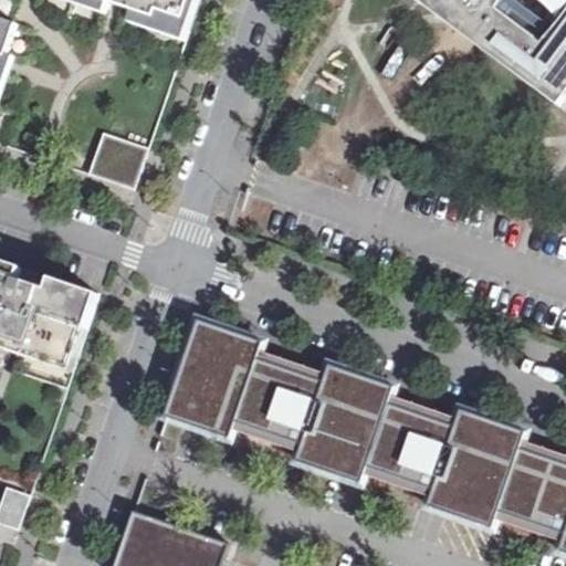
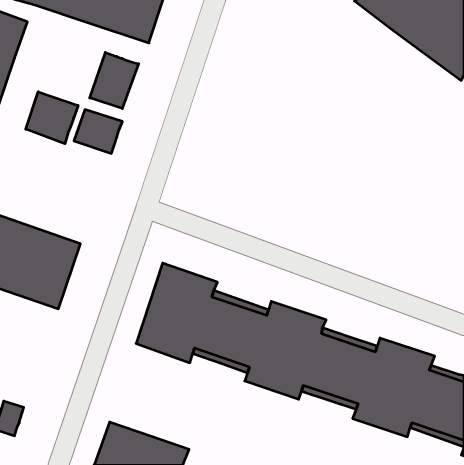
building: none -> [90,52,139,109]
building: none -> [26,92,78,144]

